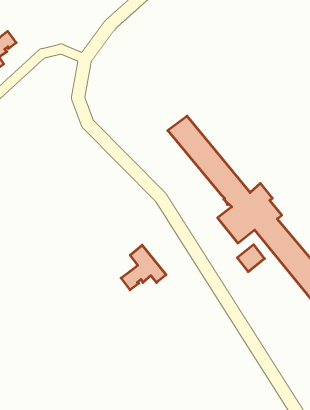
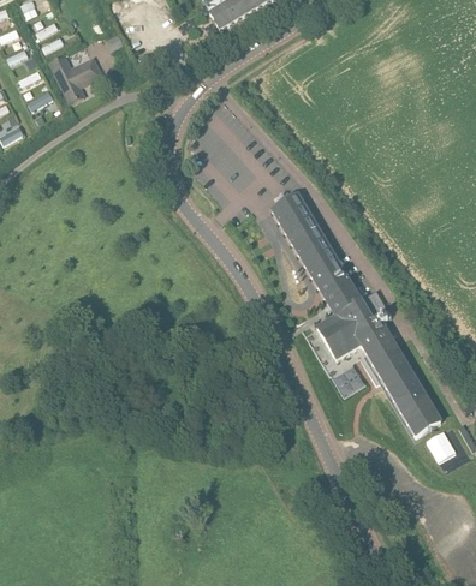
building: [121,245,166,290] -> none

